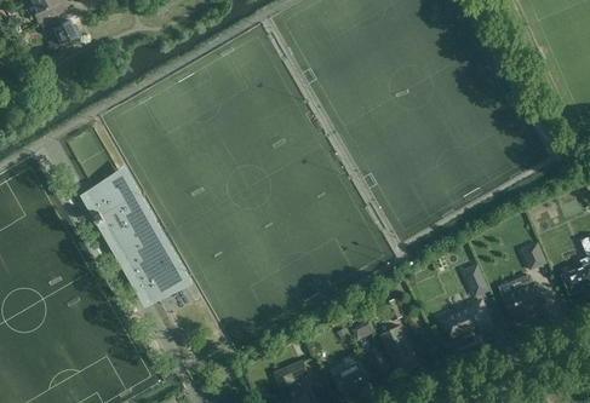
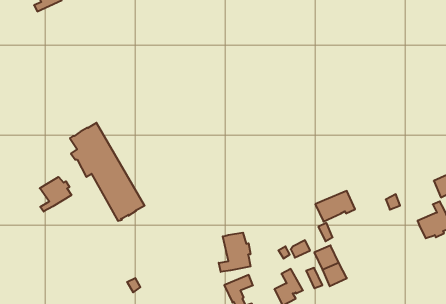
building: none -> [40,177,71,212]
building: [443,303,491,339] -> [315,191,355,222]
building: none -> [219,233,251,272]

